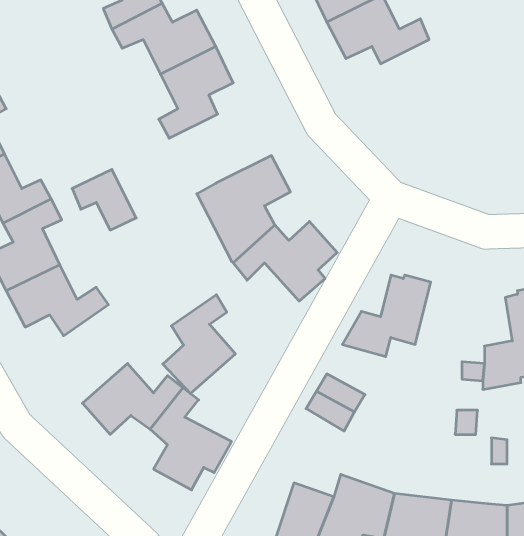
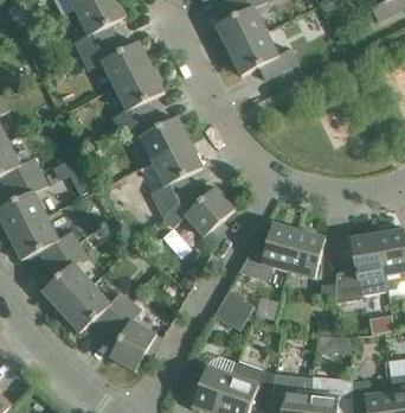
building: none -> [121,114,191,161]
building: none -> [289,229,326,279]
building: [163,295,235,394] -> [43,244,92,312]

